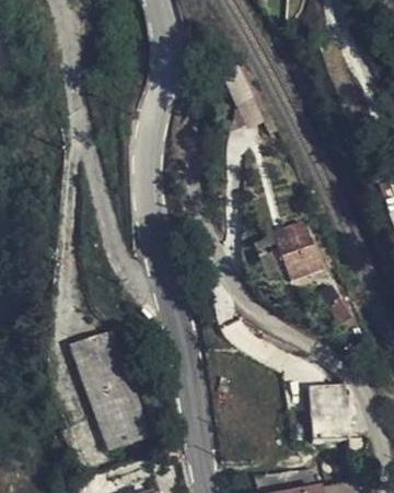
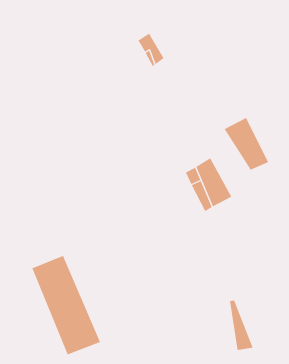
building: none -> [224,117,269,170]
building: [312,383,346,442] -> none

